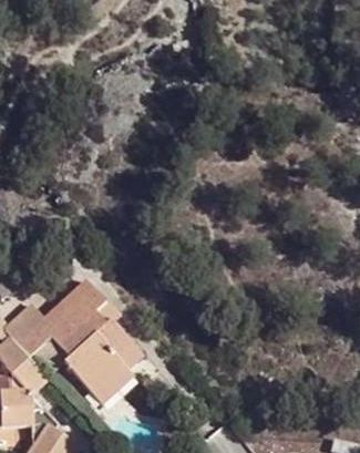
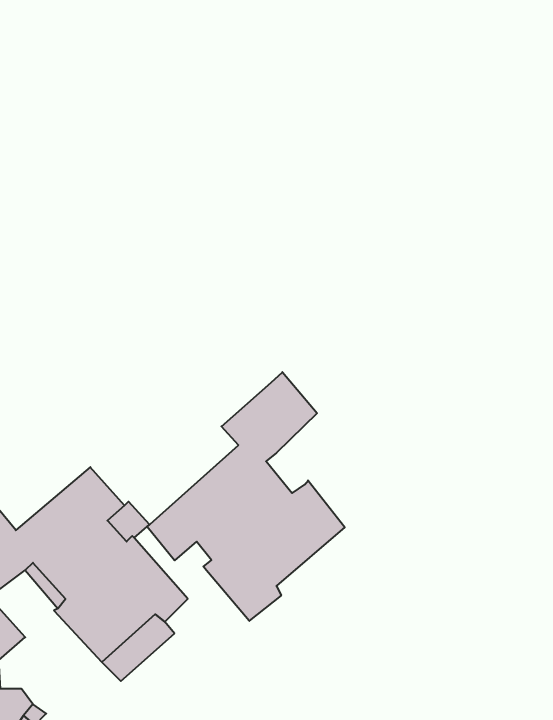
building: none -> [147,372,345,621]

